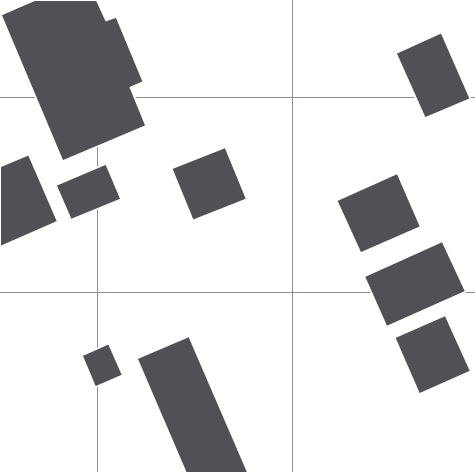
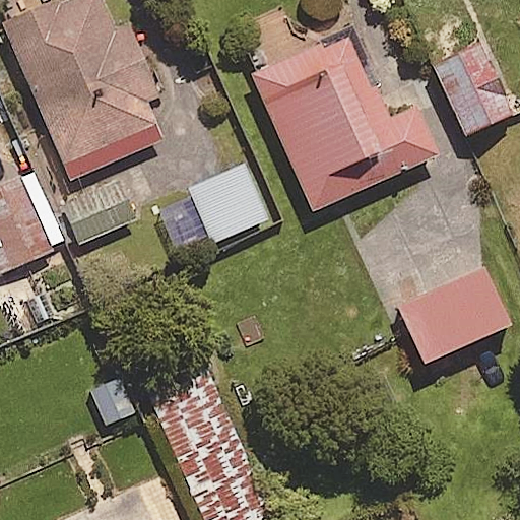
building: none -> [251,31,430,208]
building: [337,173,421,253] -> none
building: [394,315,471,394] -> none

